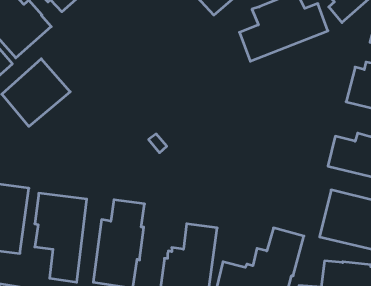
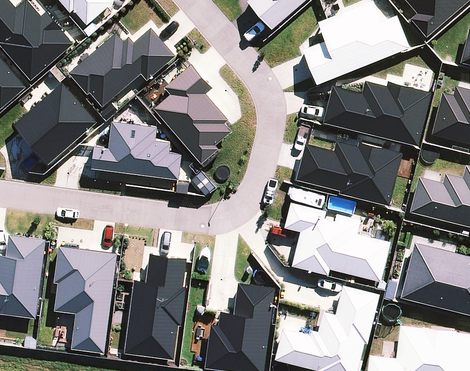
building: none -> [68,28,174,107]
building: none -> [153,63,234,164]
building: none -> [322,80,429,146]
building: none -> [91,121,180,180]
building: none -> [295,141,402,207]
building: none -> [282,202,390,283]

